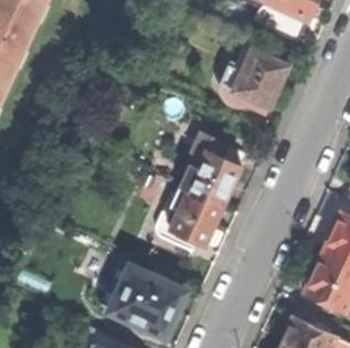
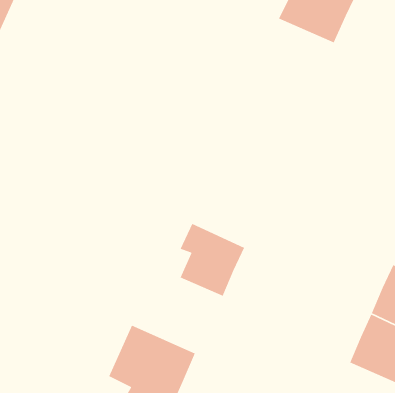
building: [231,41,285,101] -> none
building: [180,146,241,201] -> none

